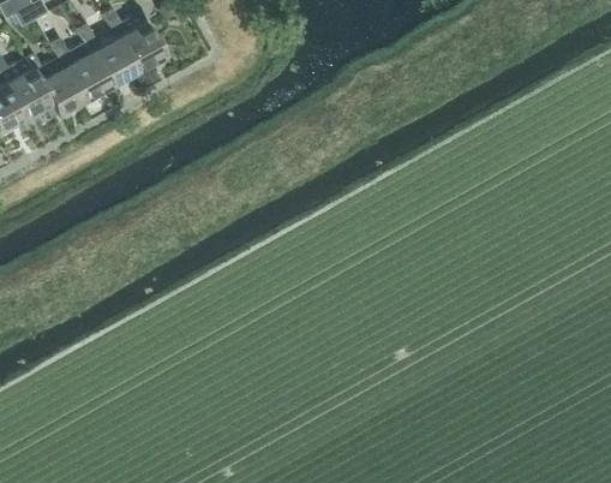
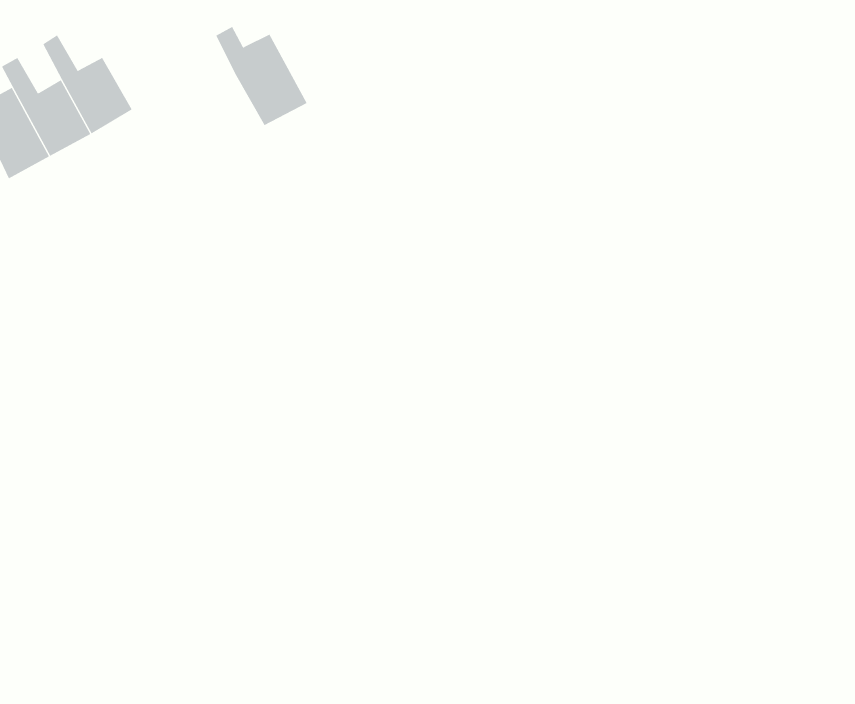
building: [97,10,156,73] -> [215,26,307,126]

